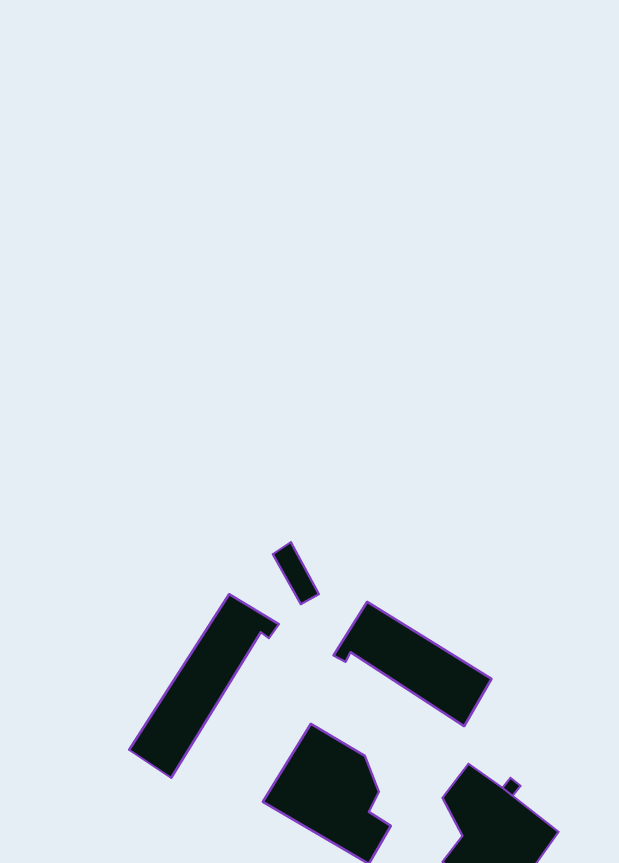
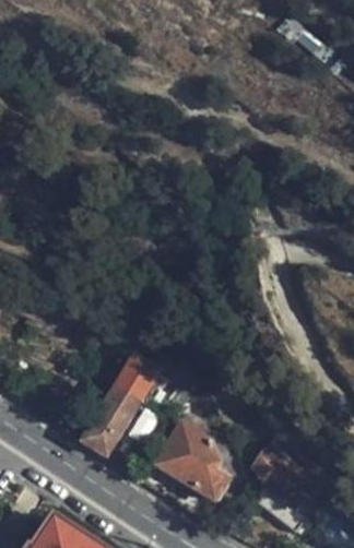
building: [333,602,492,726] -> none

